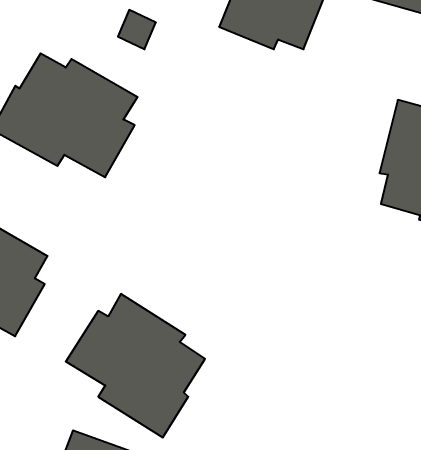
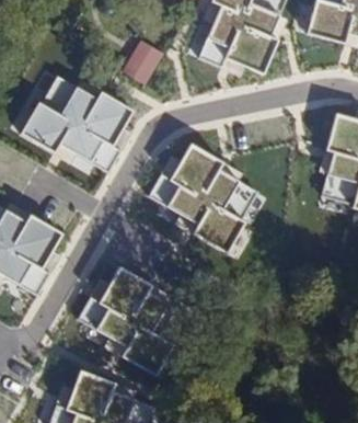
building: none -> [149,145,257,256]

